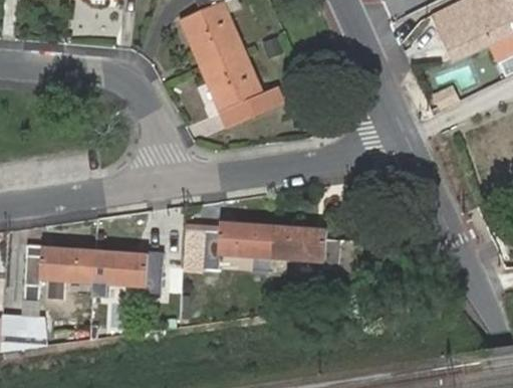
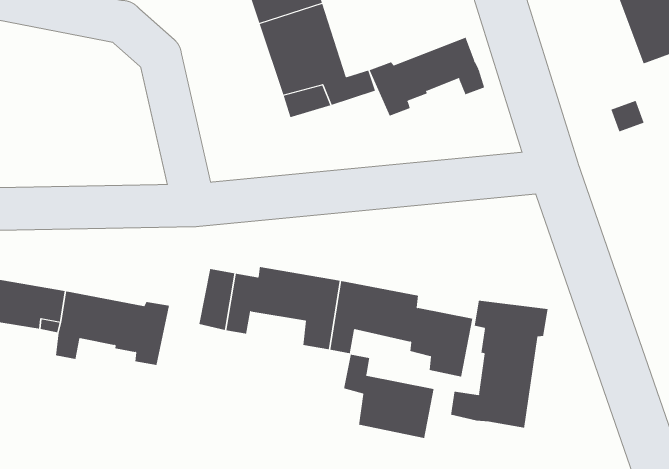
building: none -> [369,37,485,116]
building: none -> [451,300,548,428]
building: none -> [343,354,434,439]

